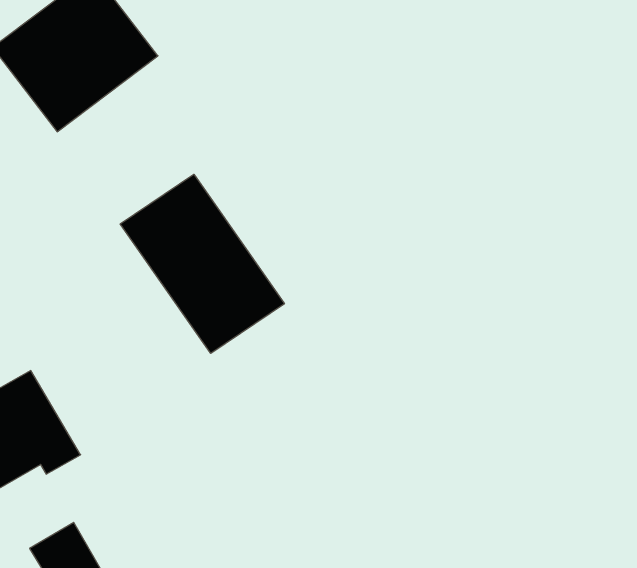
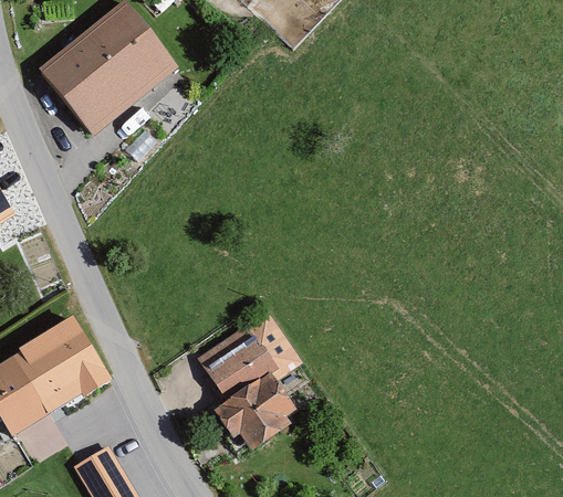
building: [120,174,284,353] -> none
building: none -> [199,313,301,444]

